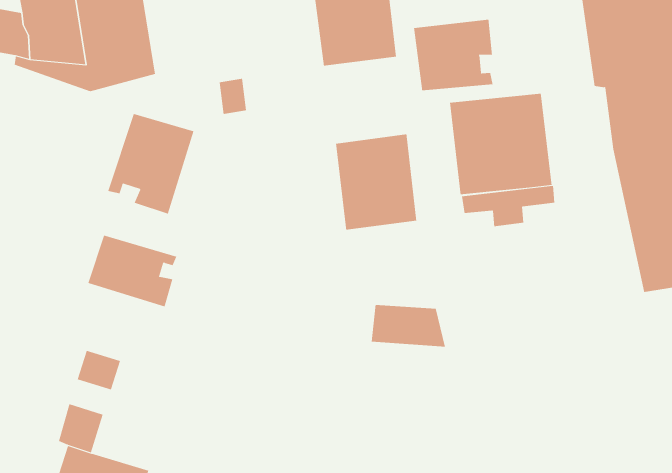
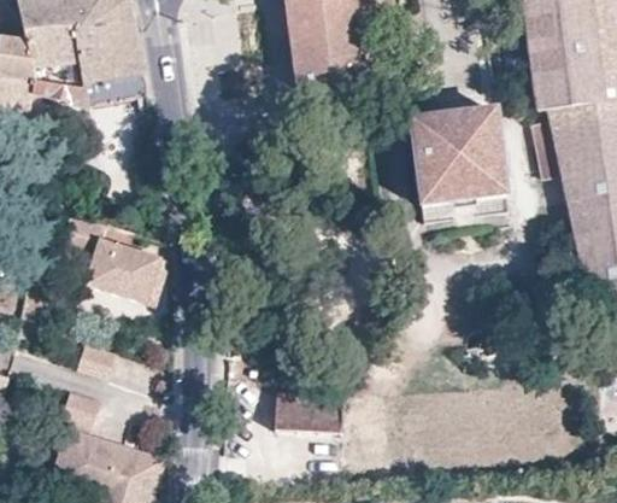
building: [414,19,493,91] -> none
building: [107,113,194,214] -> none
building: [336,134,417,231] -> none
building: [371,304,446,347] -> [272,392,340,431]

